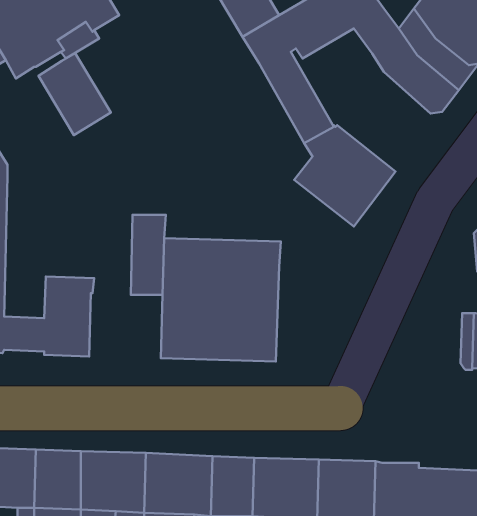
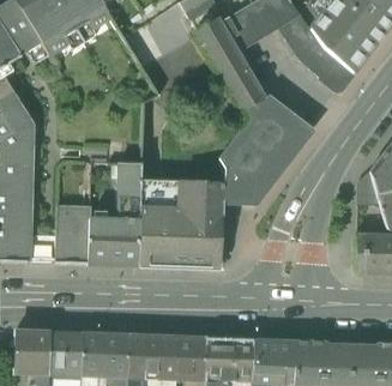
building: [38,53,111,135] -> none
building: none -> [221,135,279,199]
building: none -> [89,217,141,264]

